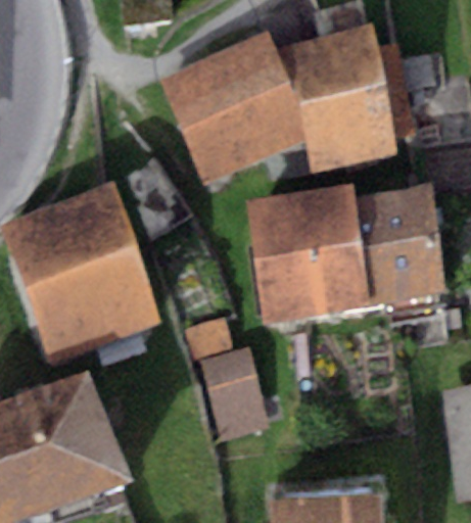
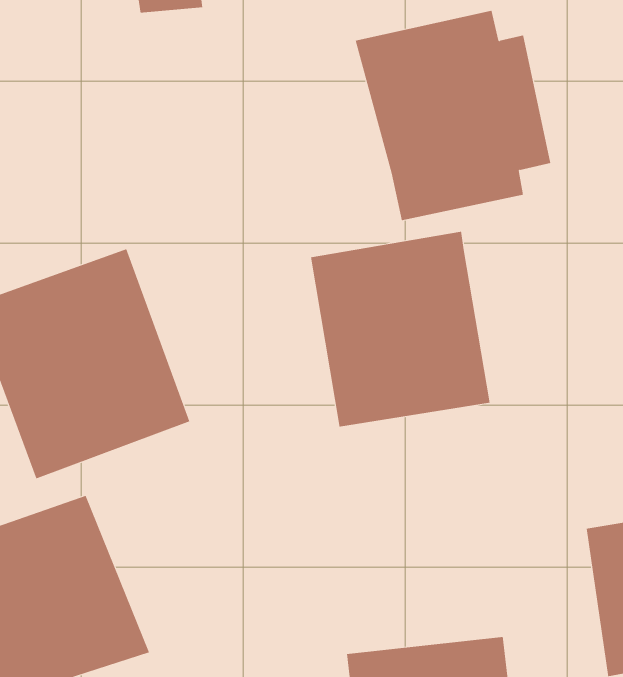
building: [160,30,301,184] -> none
building: [354,185,448,305] -> none
building: [186,321,270,440] -> none

